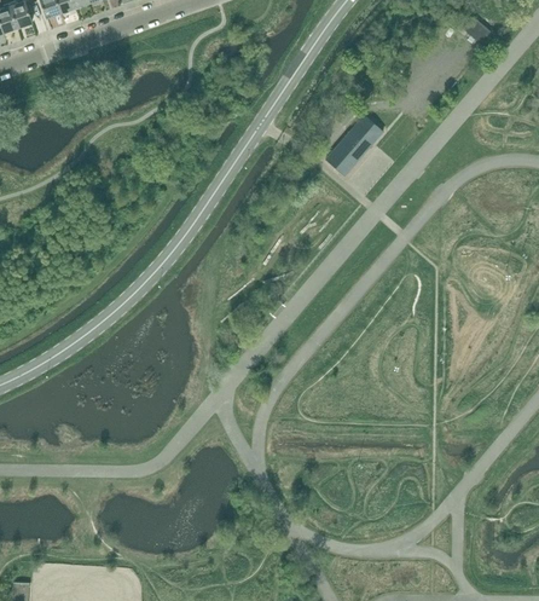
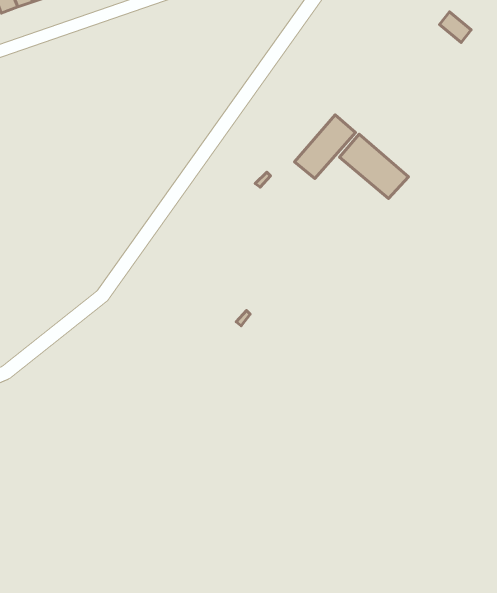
building: none -> [340,134,408,198]

